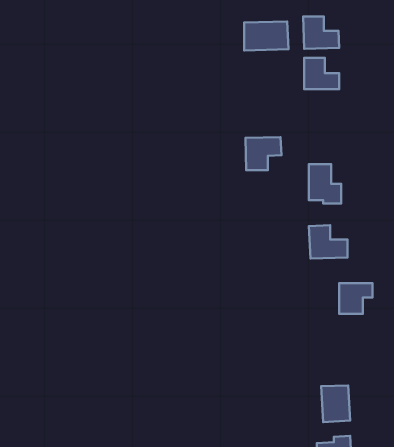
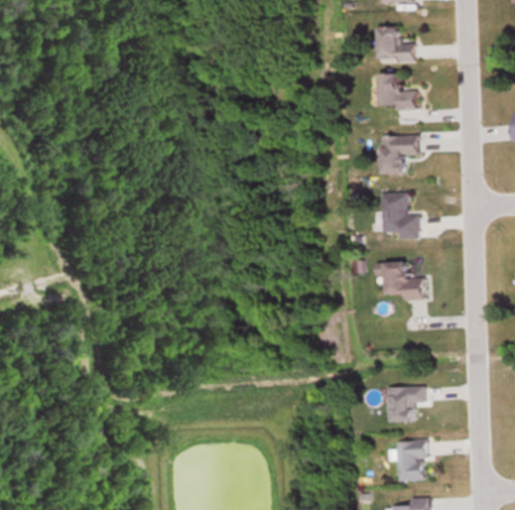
building: [244,21,288,50] -> none
building: [245,137,281,170] -> [379,135,419,172]
building: [339,283,373,314] -> [387,387,424,421]

